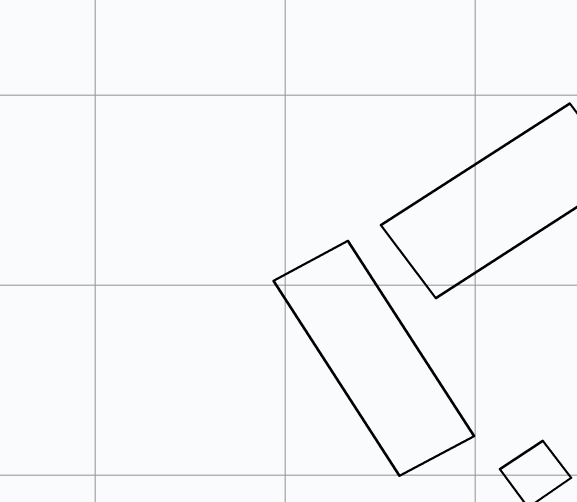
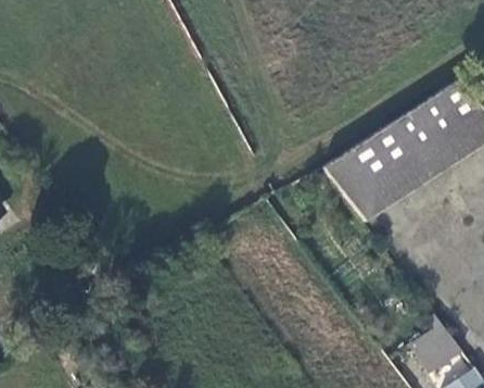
building: [274,241,474,476] -> none

